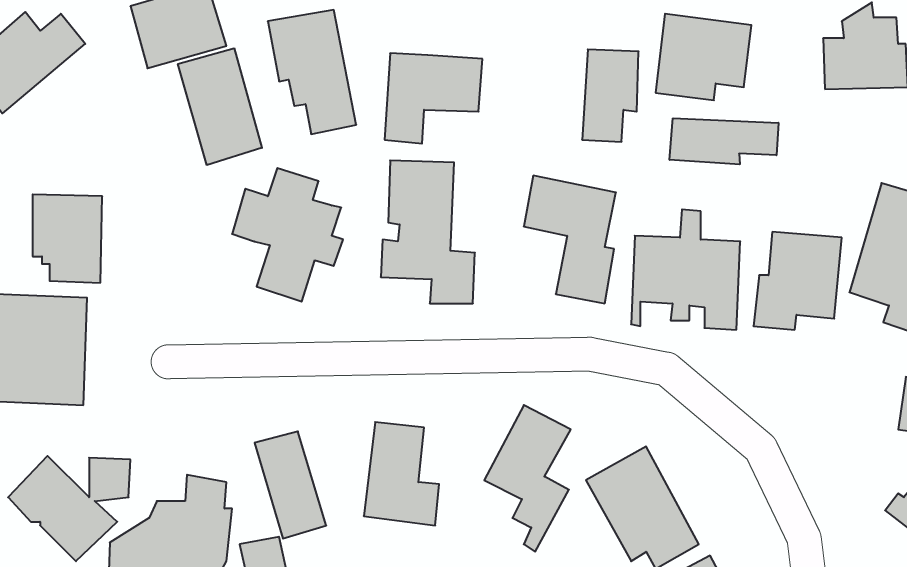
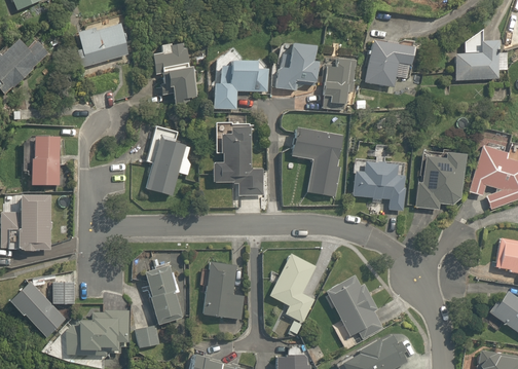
building: none -> [276,45,318,89]
building: [178,48,262,165] -> none
building: [670,118,778,164] -> none

